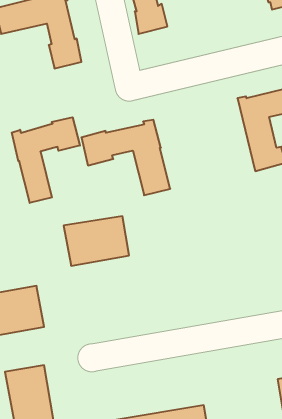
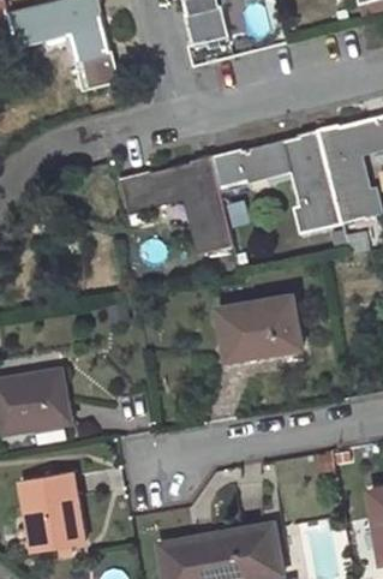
building: none -> [210,129,341,233]
building: [12,117,80,203] -> none
building: [64,216,129,266] -> [216,297,300,360]

